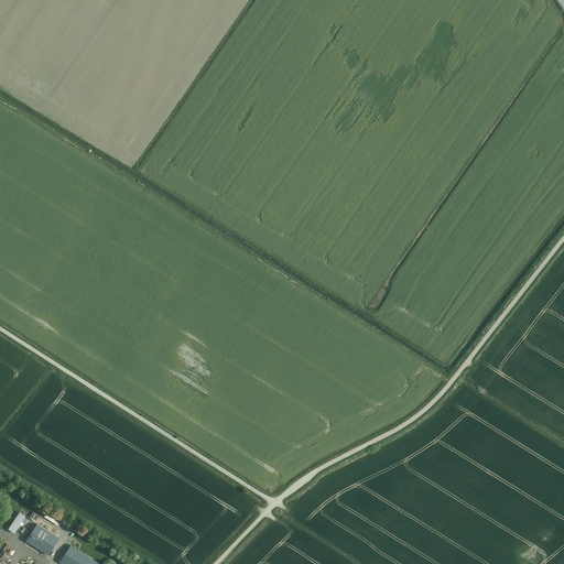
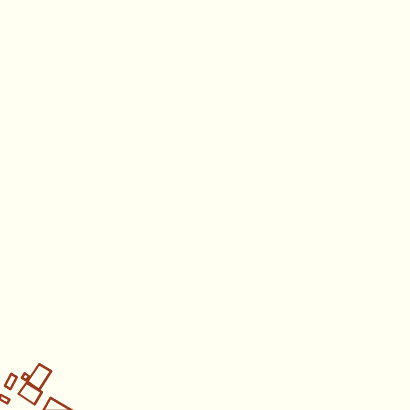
building: none -> [27,364,51,390]

